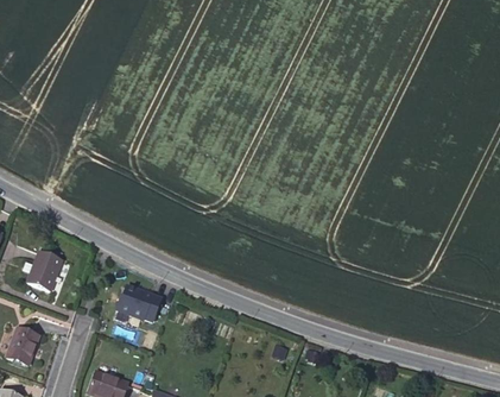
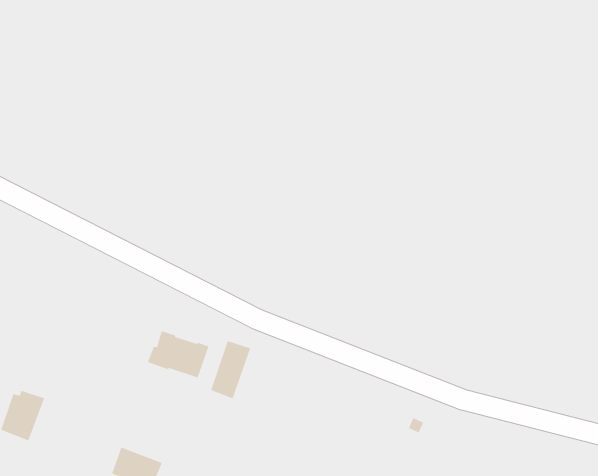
building: [24,252,63,292] -> none
building: none -> [210,340,251,399]

